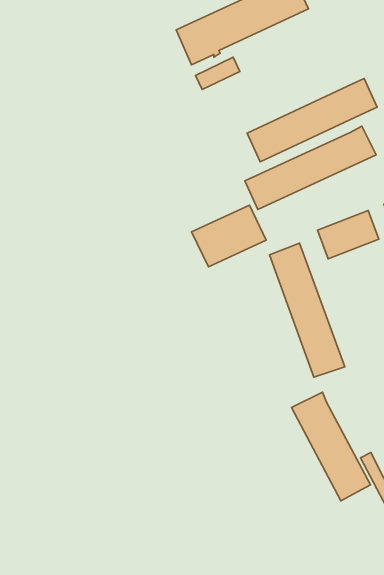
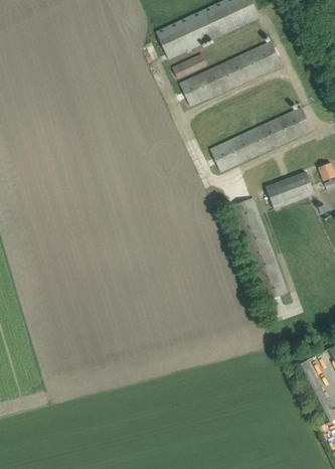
building: [247,79,377,162] -> [180,40,281,105]
building: [192,205,266,267] -> none
building: [292,392,371,501] -> none

